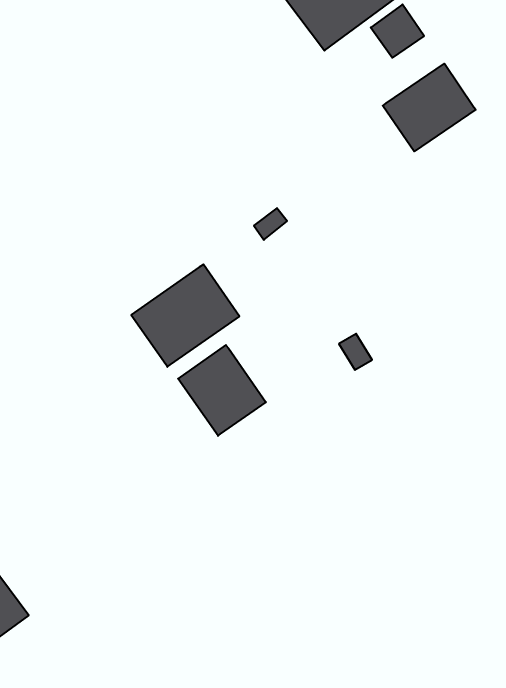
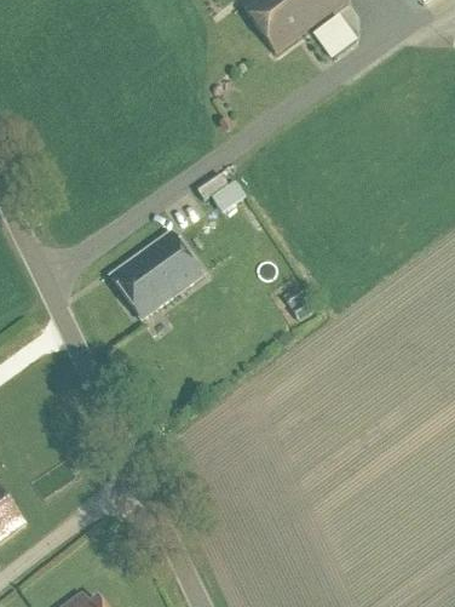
building: [383,64,476,151] -> none
building: [178,345,266,436] -> none

